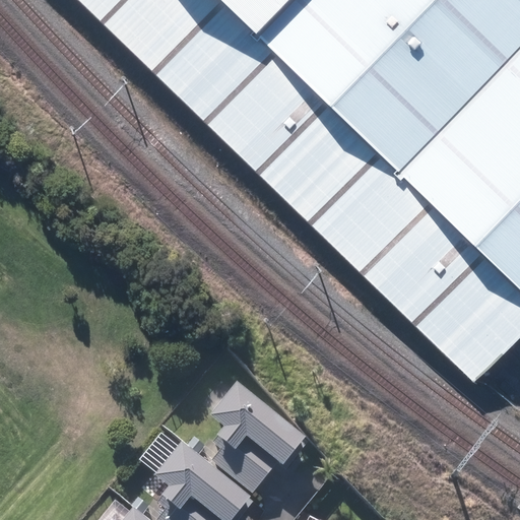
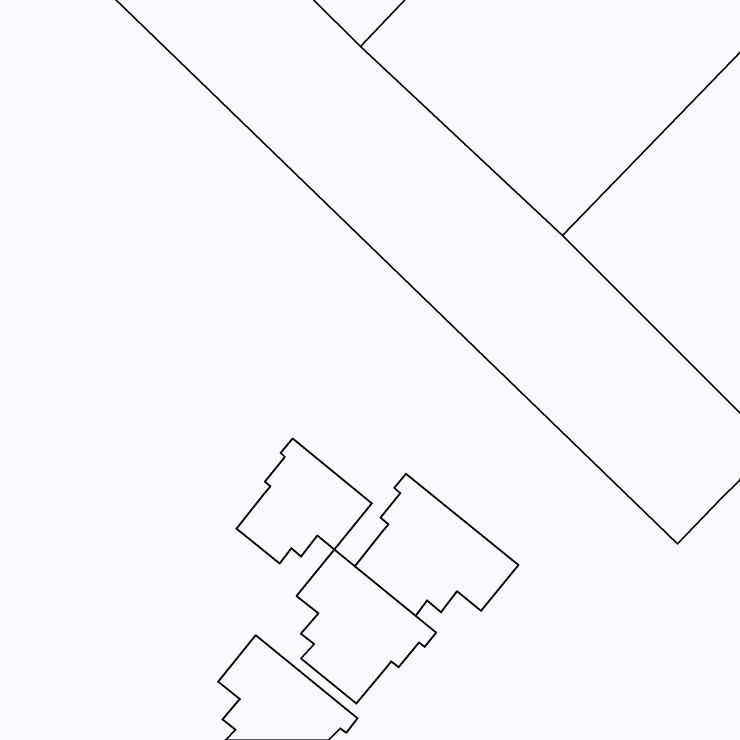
building: none -> [236,439,372,564]
building: none -> [355,474,518,616]

